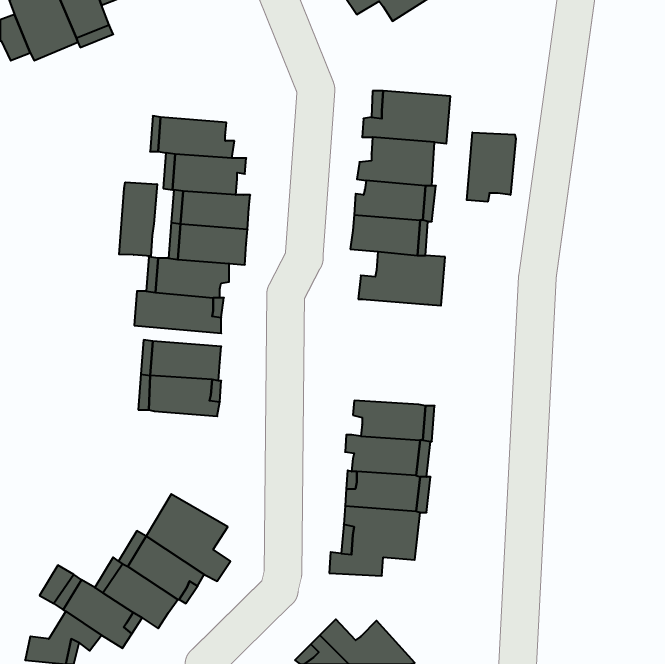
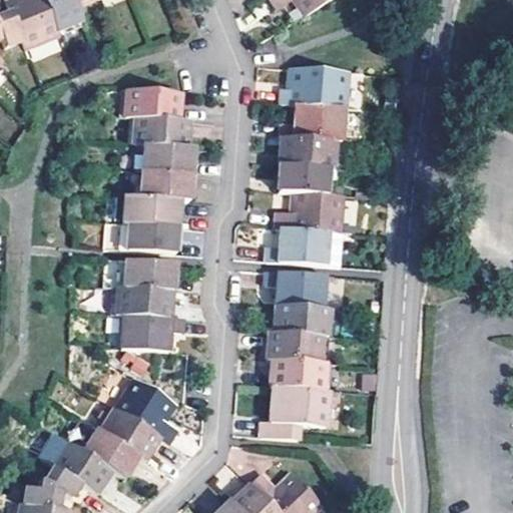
building: [467,132,516,202] -> none
building: [119,182,157,256] -> none
building: none -> [270,227,332,266]
building: none -> [268,271,327,308]
building: none -> [120,313,185,351]

